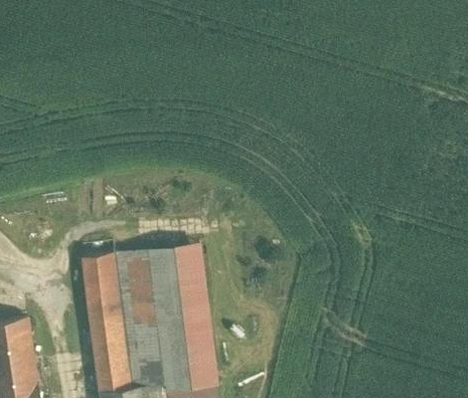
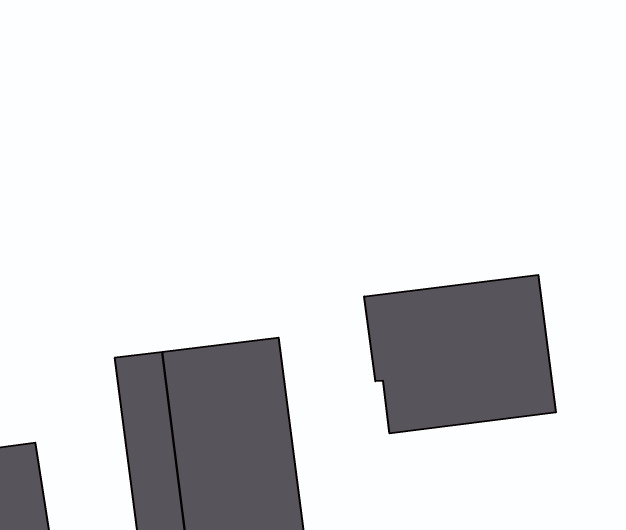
building: none -> [364,275,556,433]

